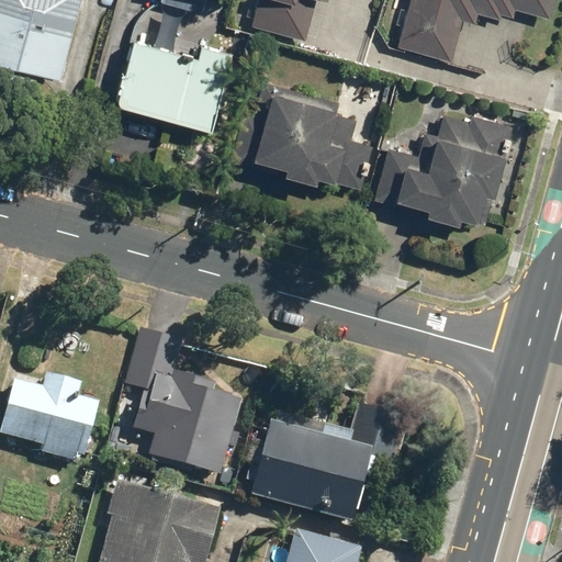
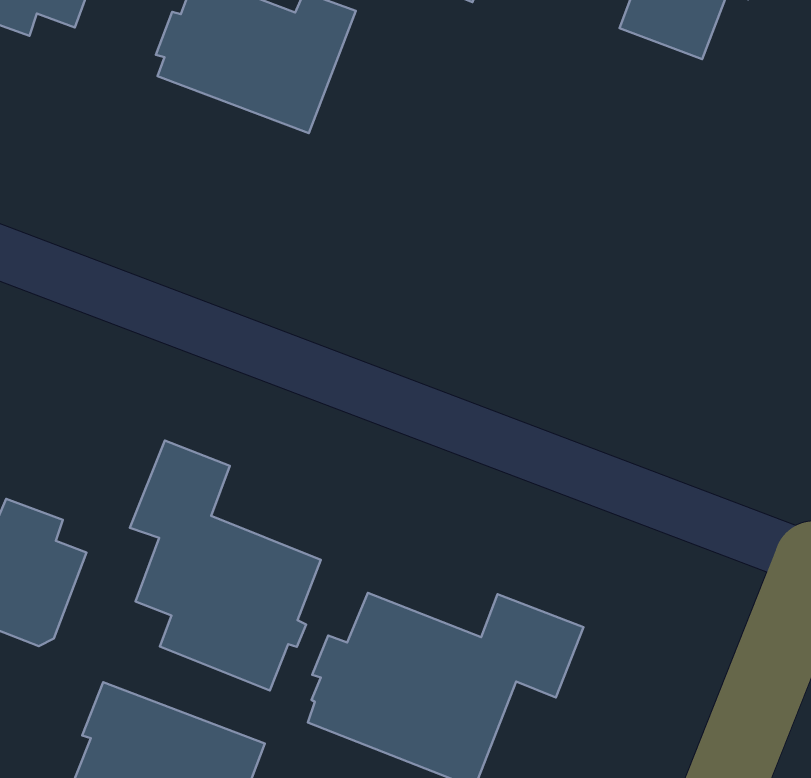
building: [227,80,373,190] -> none
building: [373,115,514,224] -> none

